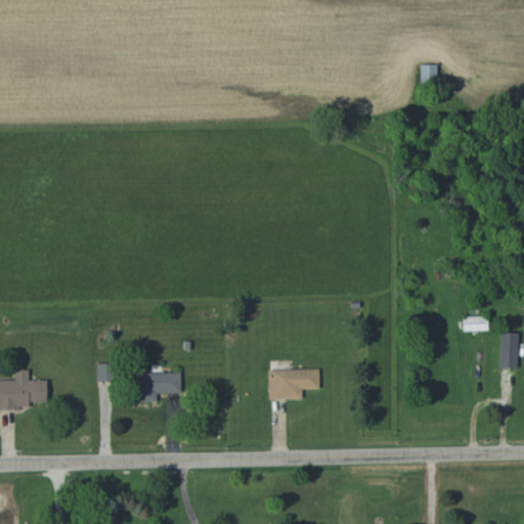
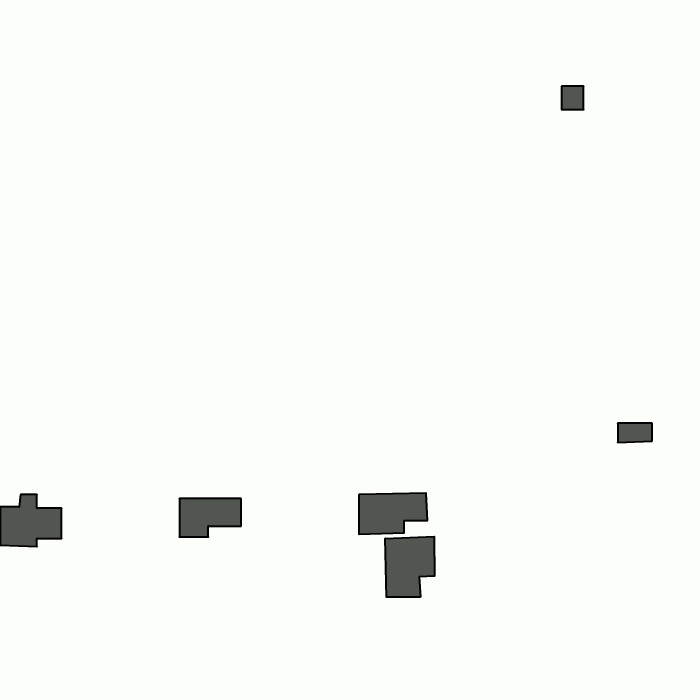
building: [498,332,518,368] -> none
building: none -> [385,537,435,597]

